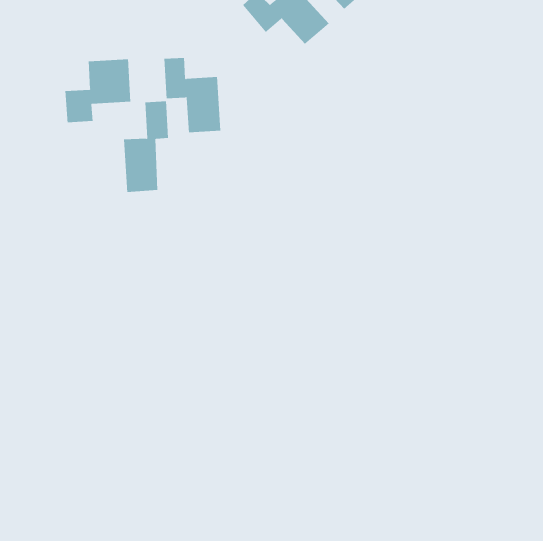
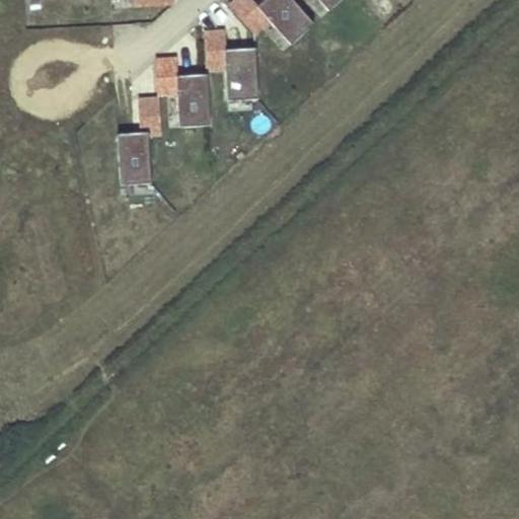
building: none -> [204,31,258,99]
building: [65,59,131,123] -> none

